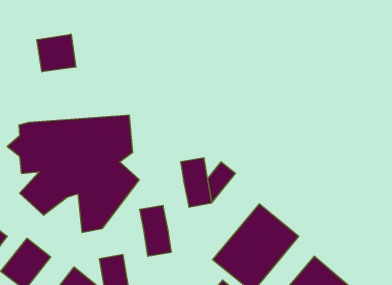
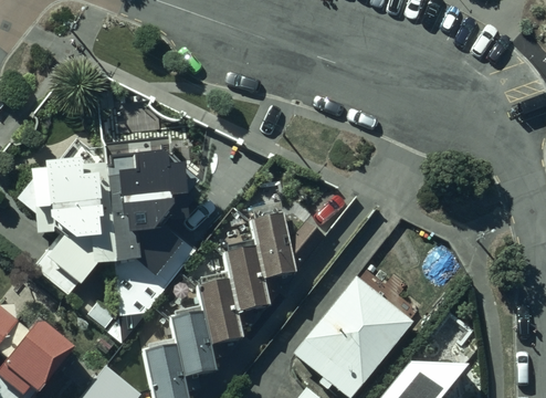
building: [37,34,76,72] -> none
building: none -> [223,248,266,312]
building: none -> [169,312,211,377]

